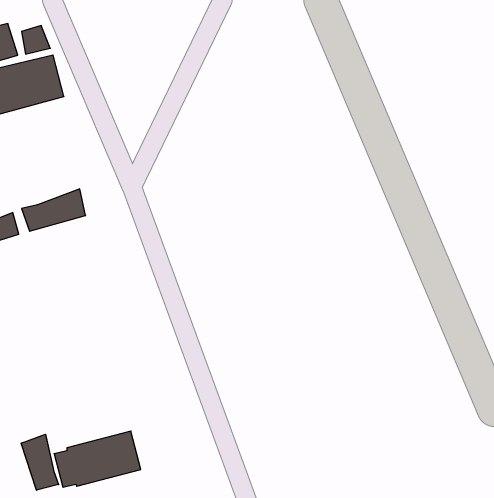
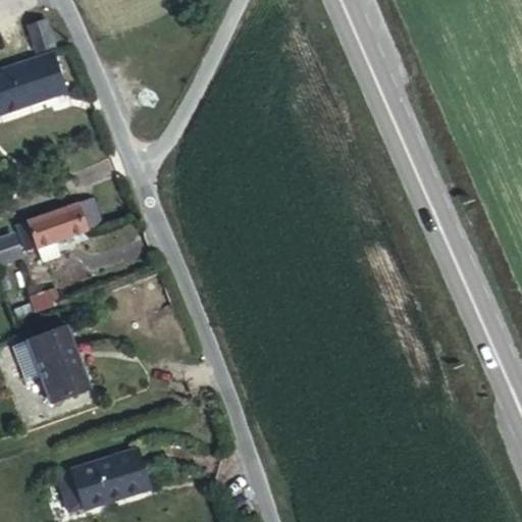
building: none -> [17,321,88,395]
building: [21,434,59,490] -> none

